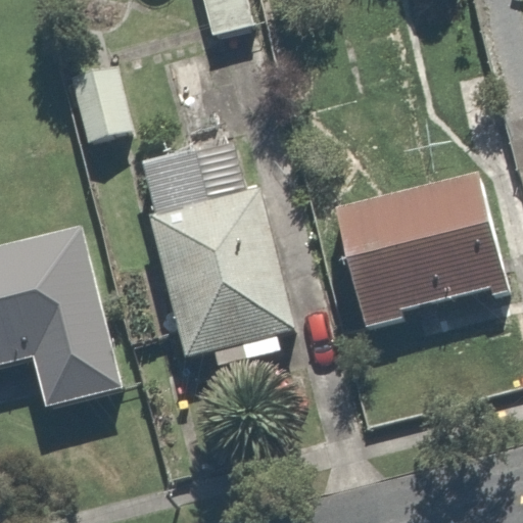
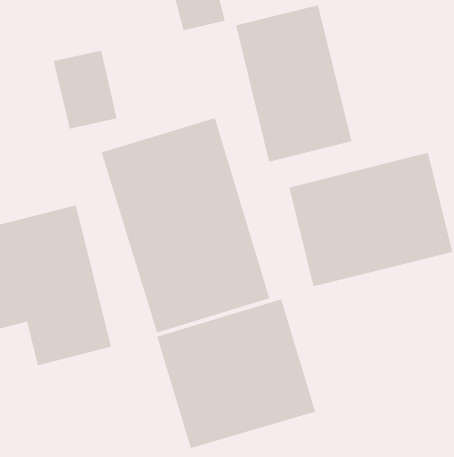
building: none -> [236,5,352,163]
building: none -> [157,298,316,449]

